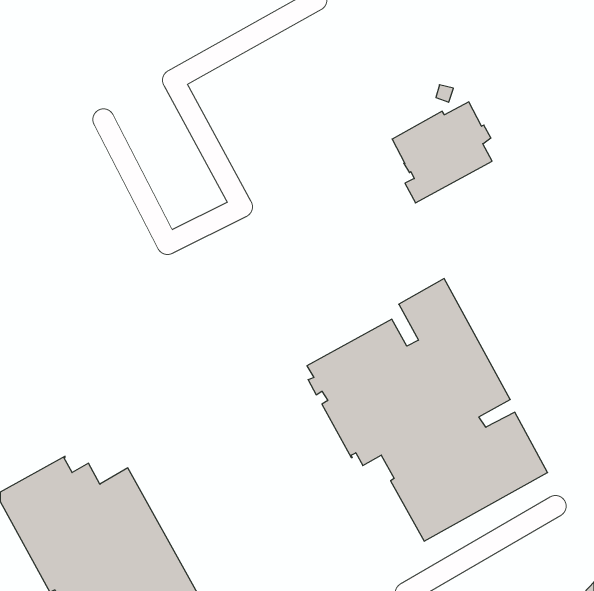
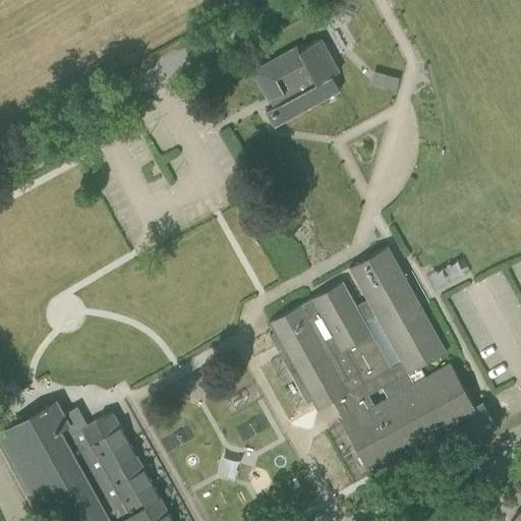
building: [392,102,492,203] -> [253,40,341,128]

